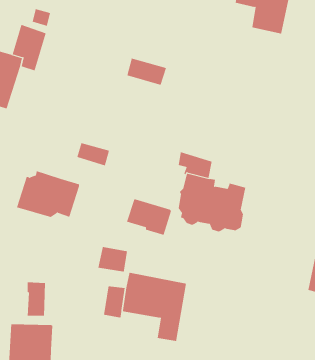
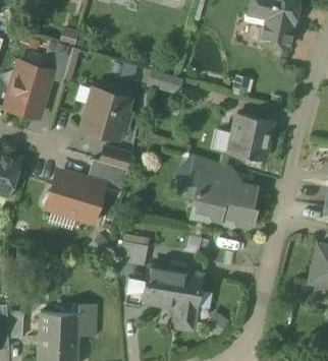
building: none -> [81,89,128,138]
building: none -> [227,114,272,162]
building: [126,198,172,235] -> [86,159,127,192]
building: [27,282,46,316] -> [77,304,95,336]

